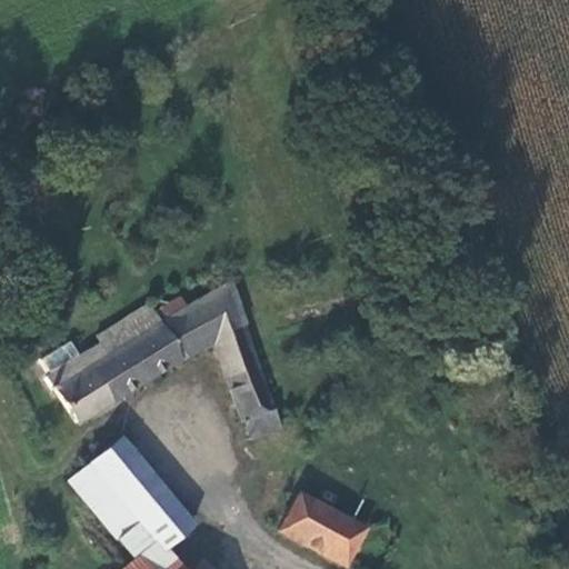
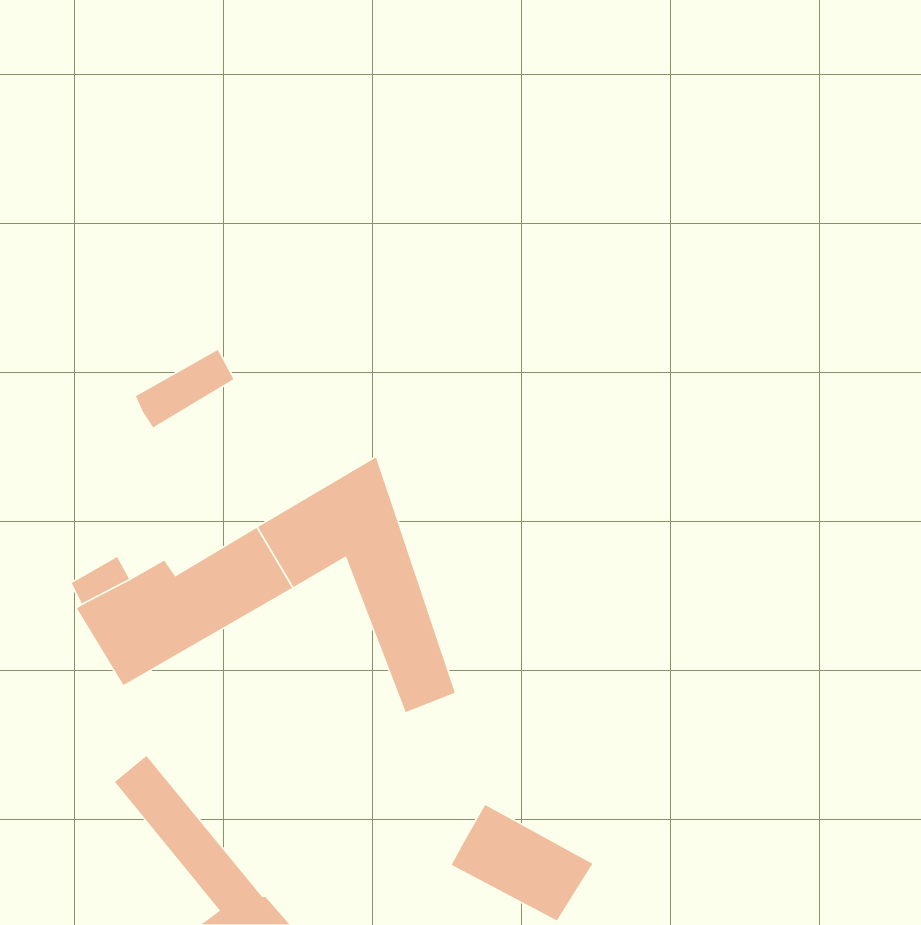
building: [99,305,160,353] -> [135,349,234,428]
building: [91,437,196,550] -> none

